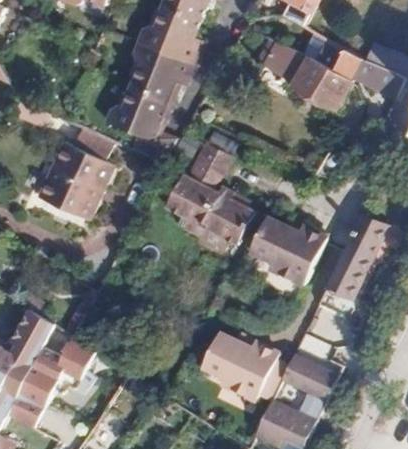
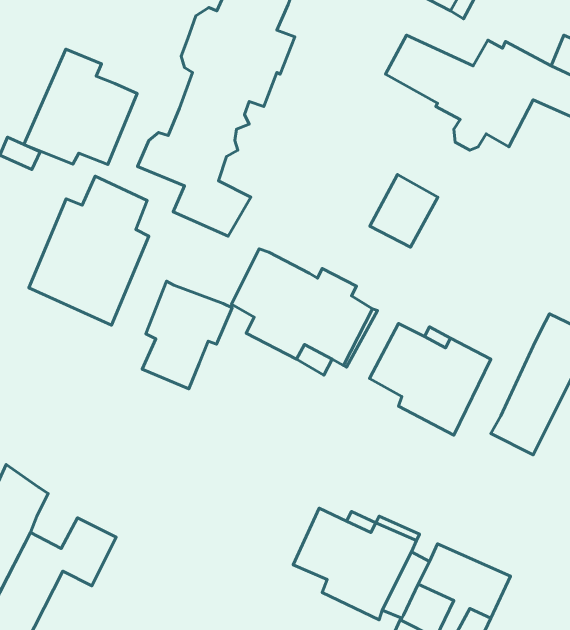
building: none -> [24,49,137,164]
building: [188,142,230,187] -> [370,174,438,247]
building: none -> [142,281,232,389]

